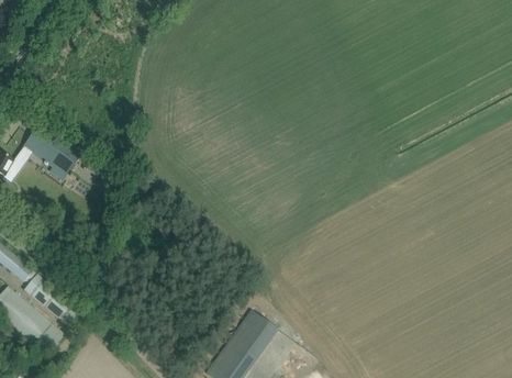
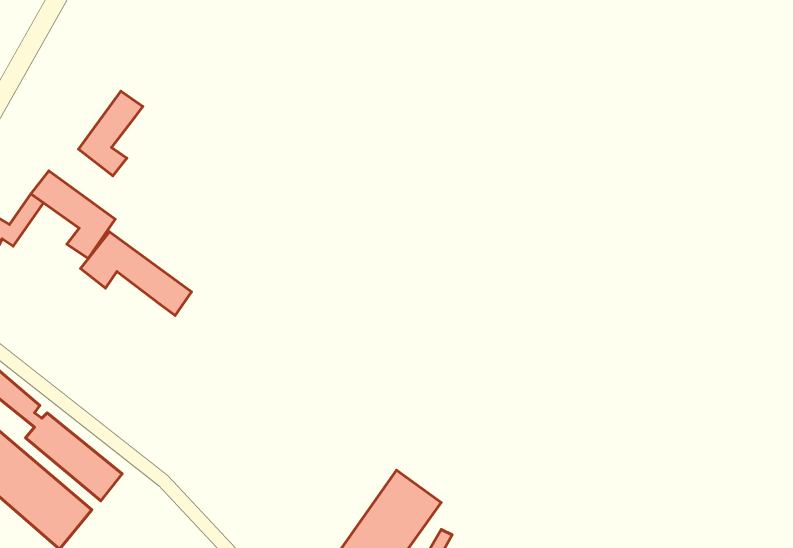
building: none -> [79,91,143,176]
building: none -> [80,232,191,316]

